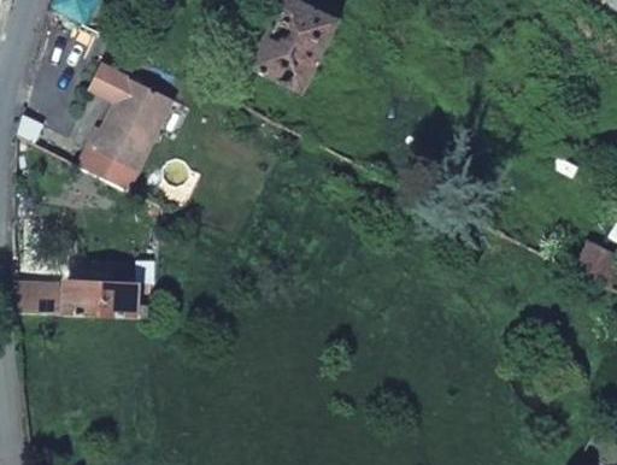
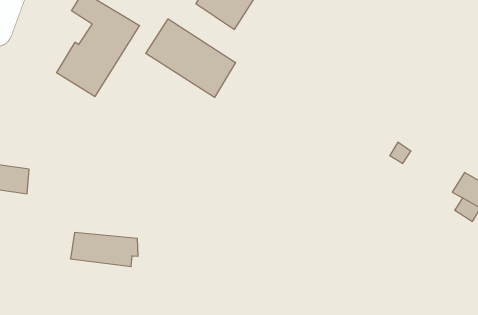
building: none -> [146,19,236,97]
building: [66,279,148,316] -> [70,232,138,267]

